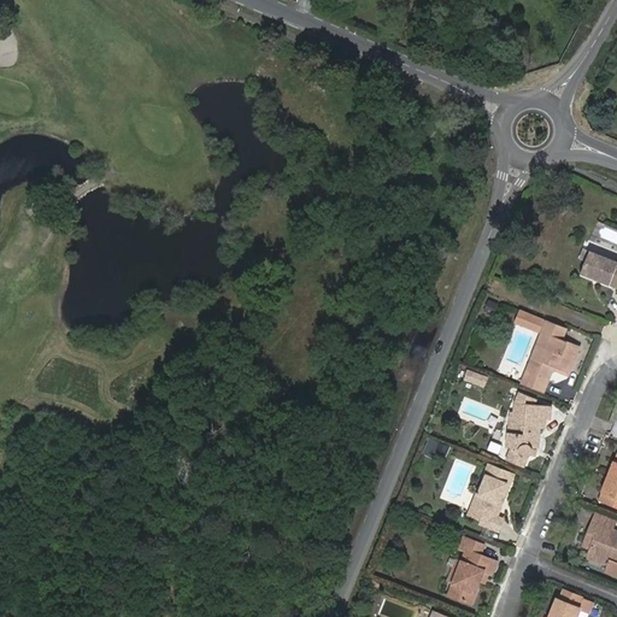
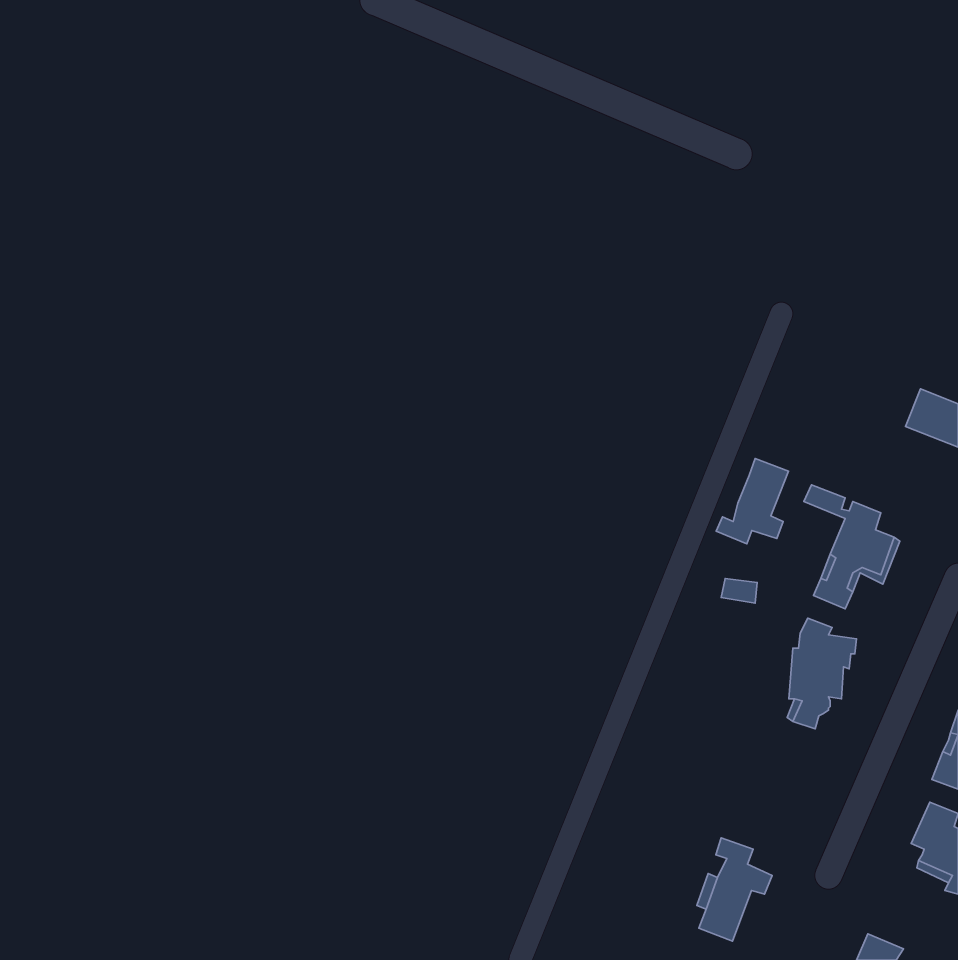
building: none -> [716,459,789,544]
building: [469,466,513,533] -> none

